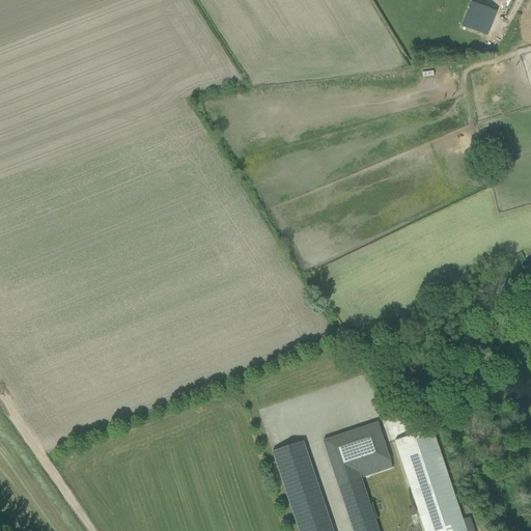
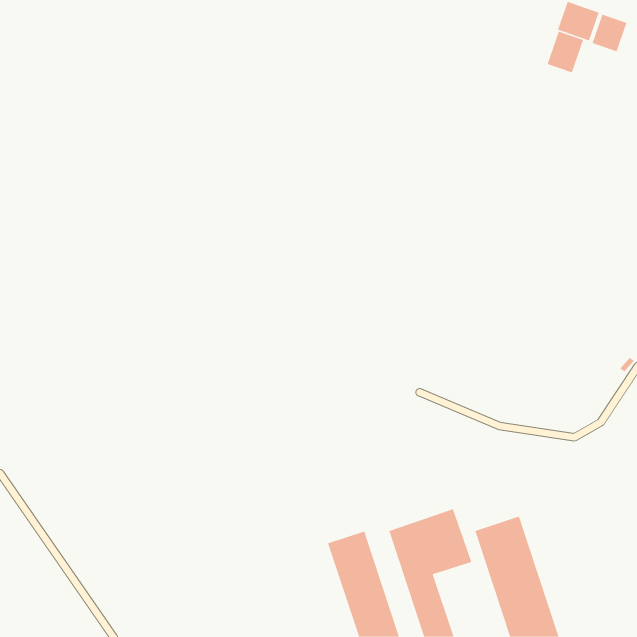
building: none -> [592,14,627,52]
building: none -> [547,31,584,73]

